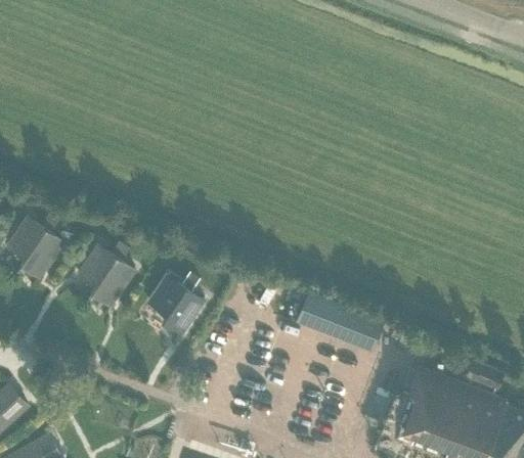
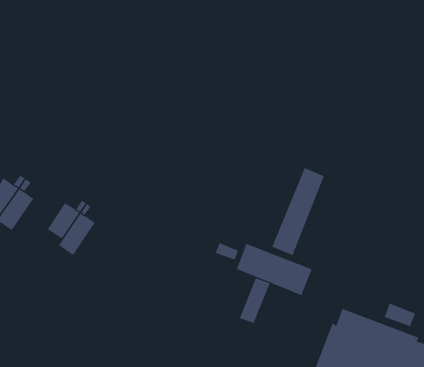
building: none -> [272,167,325,256]
building: [148,274,204,334] -> none
building: none -> [239,277,270,324]

